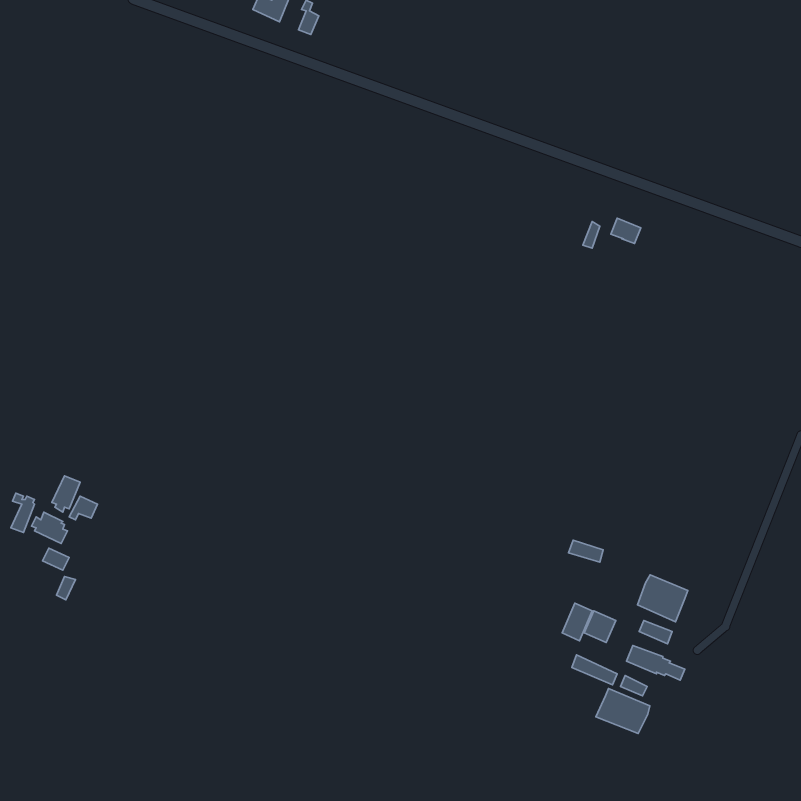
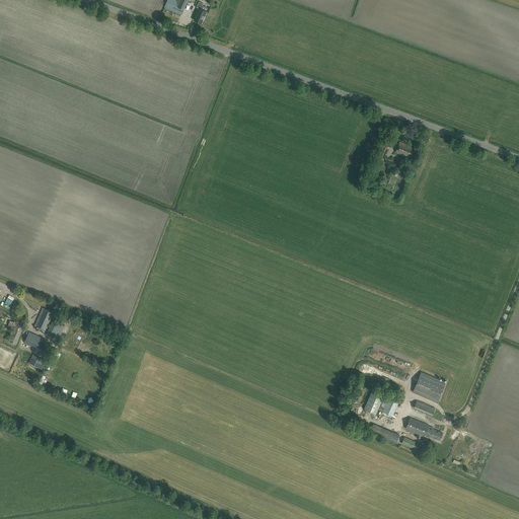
building: [596,689,650,733] -> none

